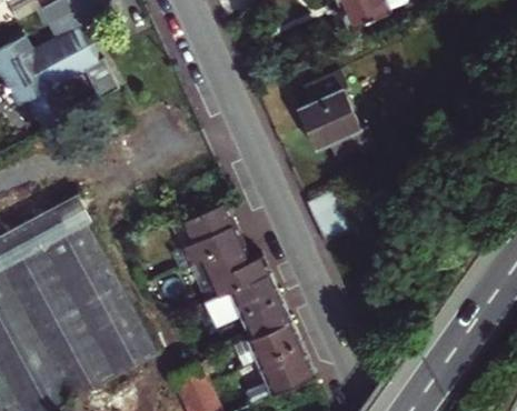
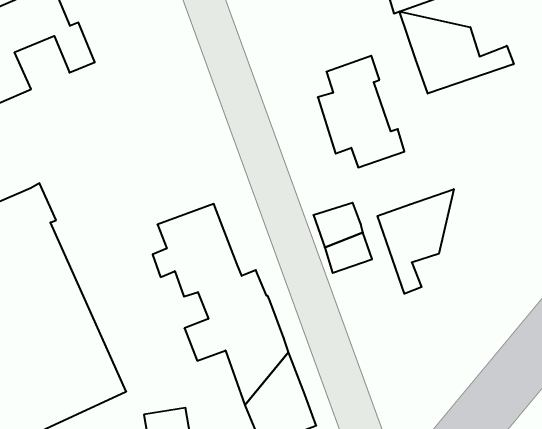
building: none -> [399,11,514,94]
building: none -> [377,189,454,294]

